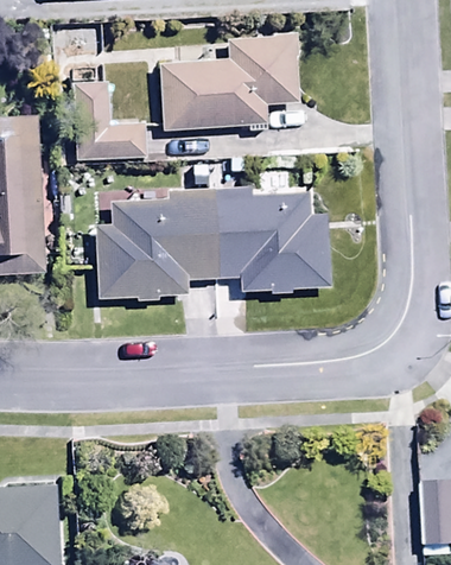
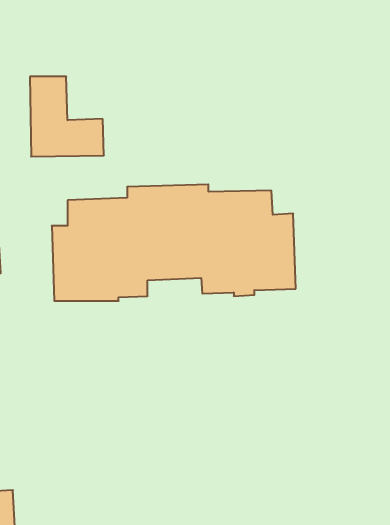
building: [161,37,299,128] -> none

